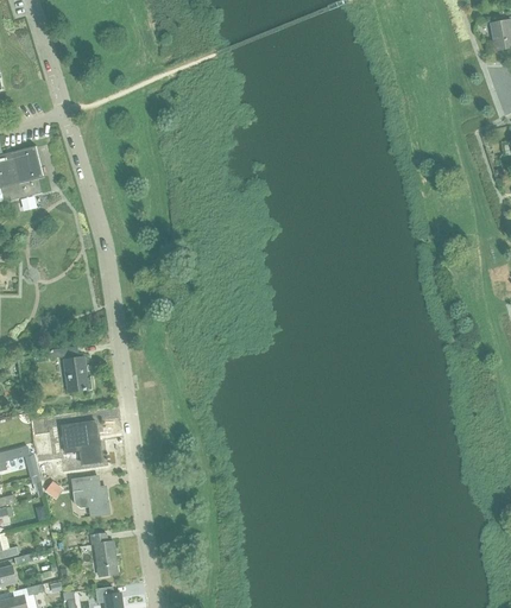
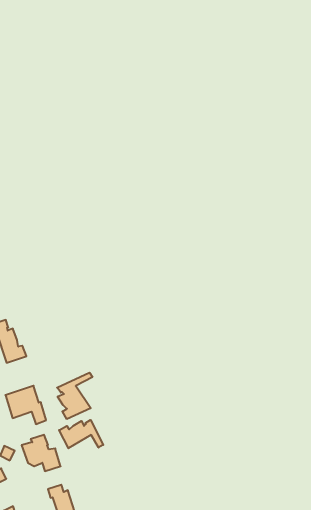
building: none -> [57,373,92,419]
building: none -> [59,420,103,448]

